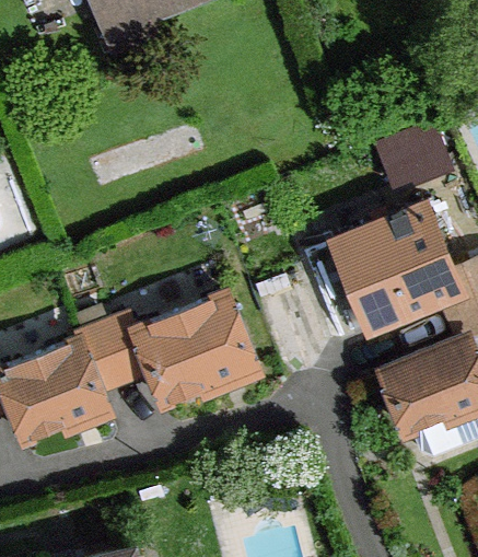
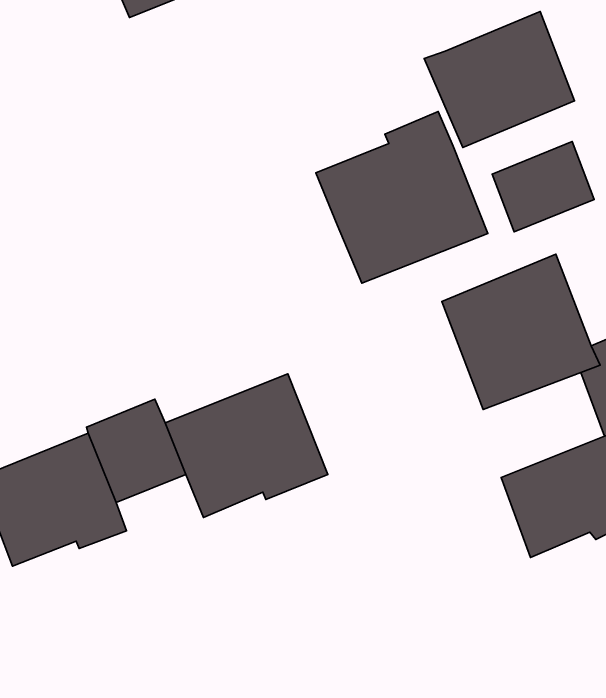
building: none -> [424,12,574,147]
building: none -> [316,111,488,283]

